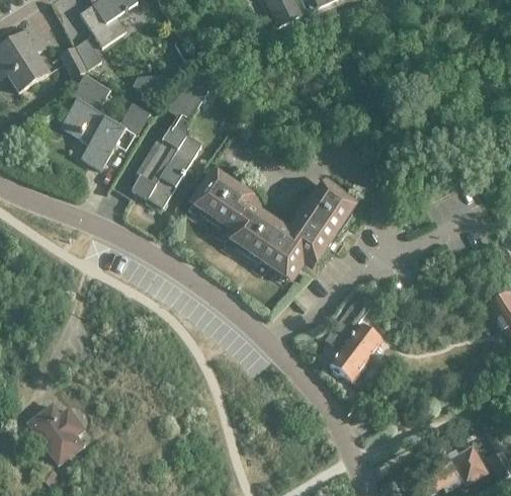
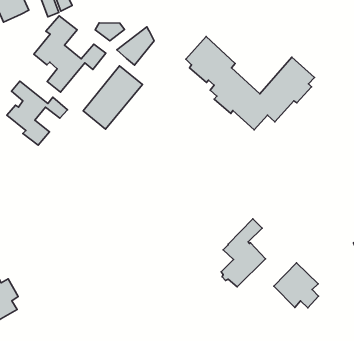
building: none -> [7,81,68,145]
building: [193,170,355,277] -> [186,37,314,130]
building: none -> [274,263,319,308]

